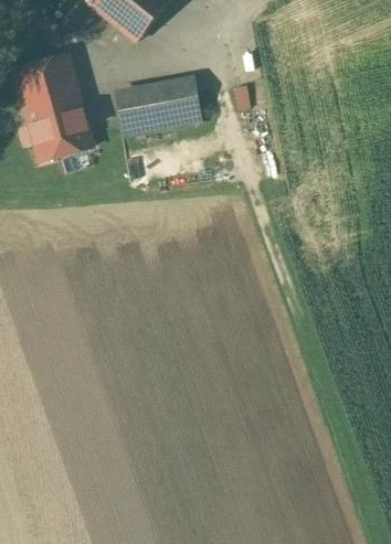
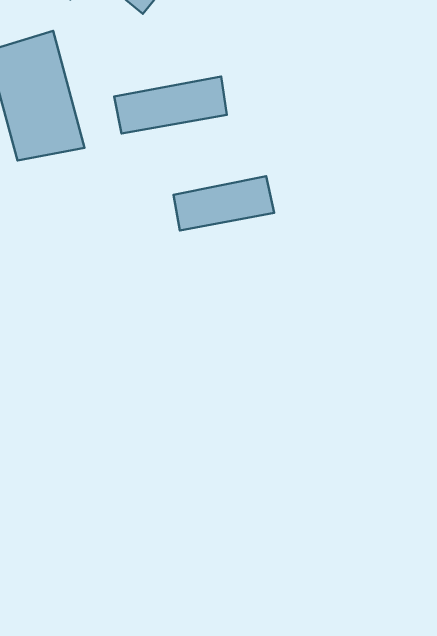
building: none -> [173,176,274,231]

